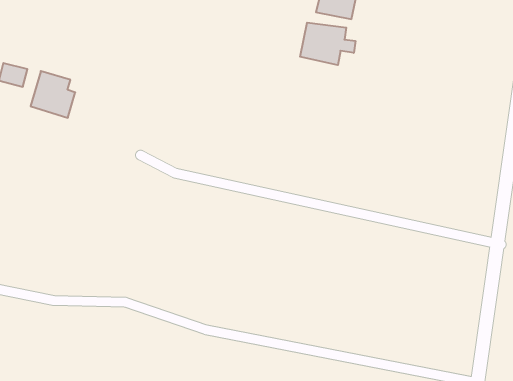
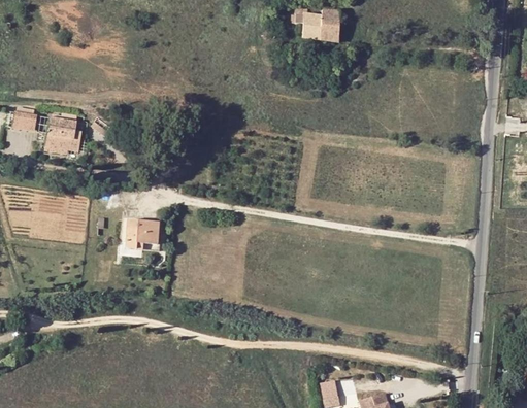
building: [300,23,355,65] -> none
building: none -> [130,223,163,250]

